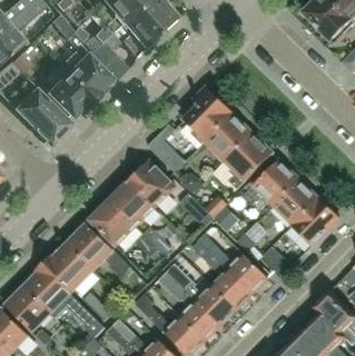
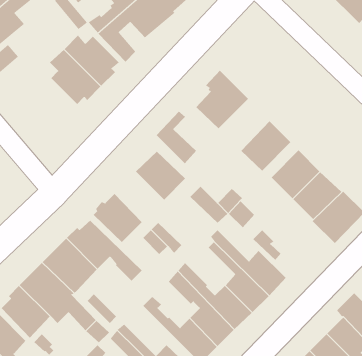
building: [16,87,75,146] -> none
building: [205,113,252,160] -> none
building: [109,179,155,226] -> none

